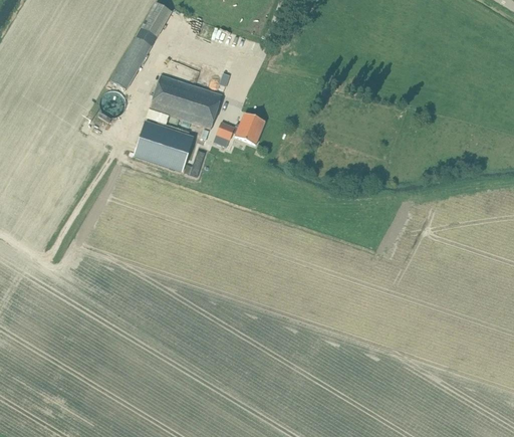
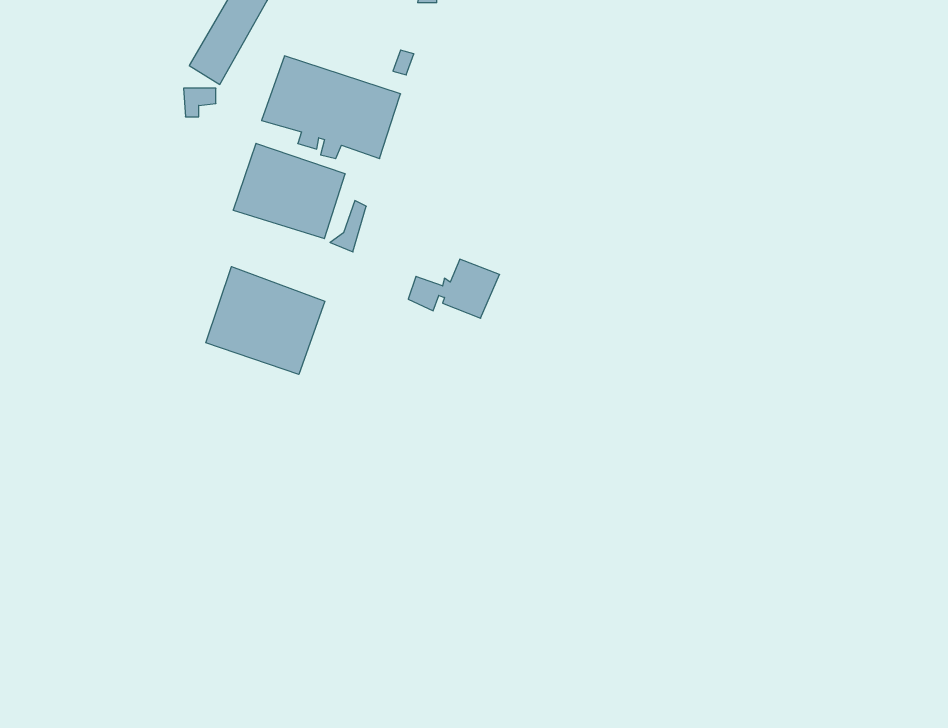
building: [217,112,265,143] -> [408,259,500,318]
building: none -> [206,267,325,374]

